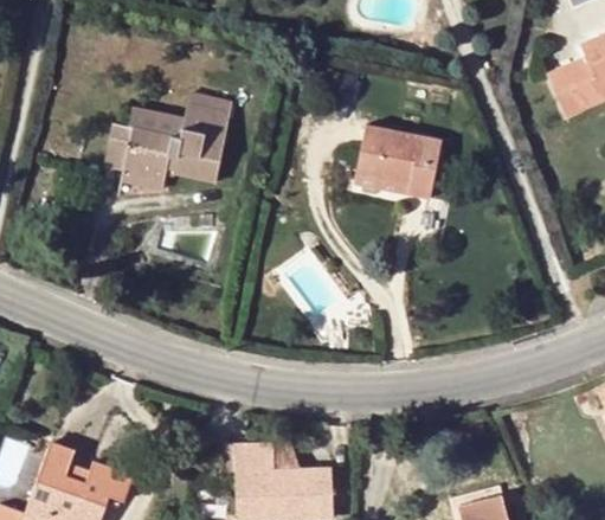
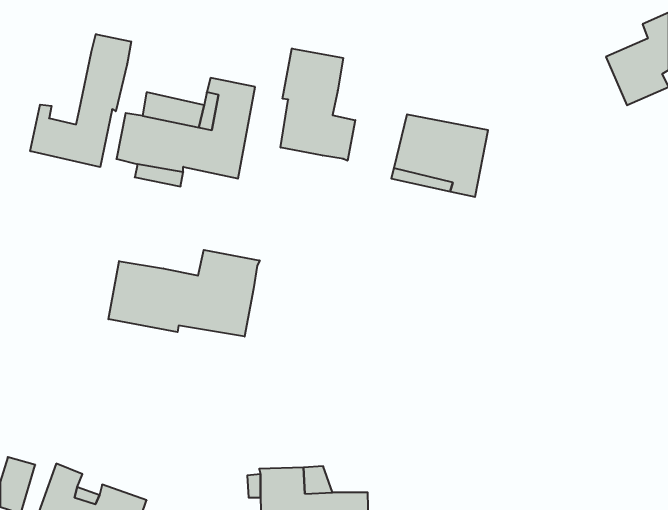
building: none -> [30,34,131,167]
building: none -> [281,48,355,161]
building: none -> [108,250,260,337]

